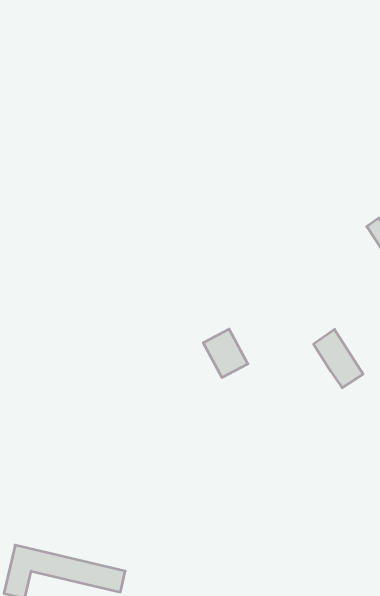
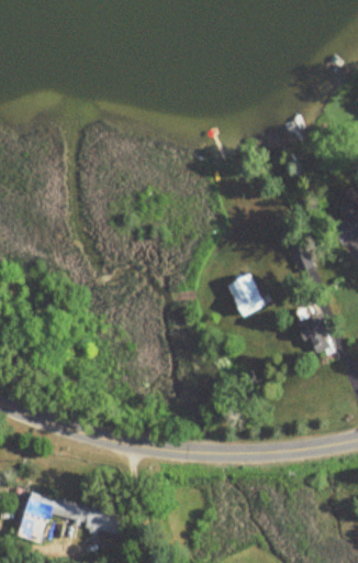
building: [203,329,248,377] -> [227,274,267,317]

